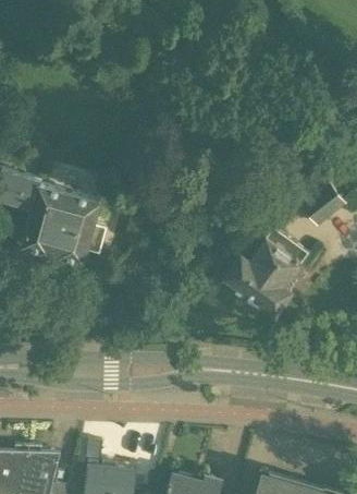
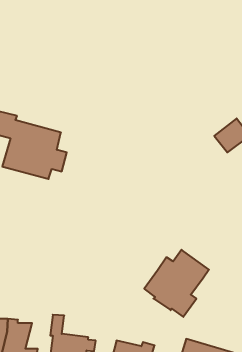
building: [224,228,309,316] -> [144,250,209,317]

